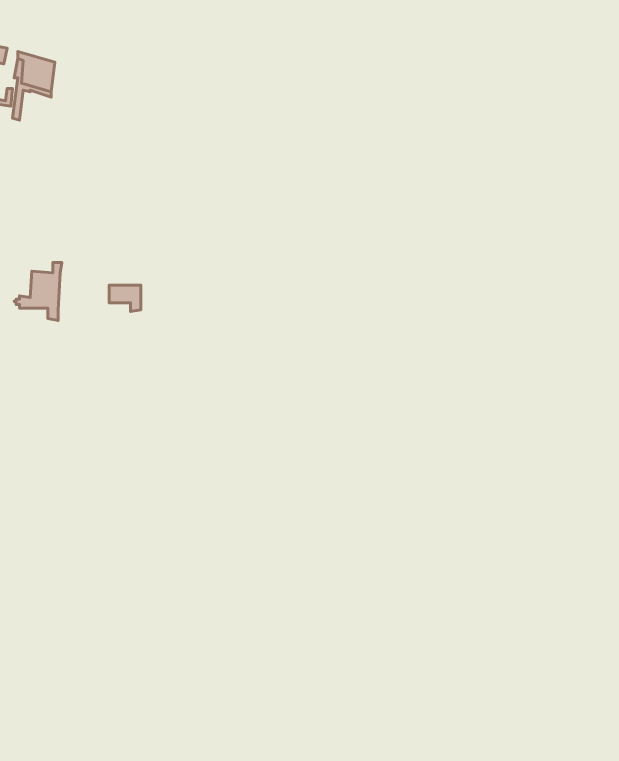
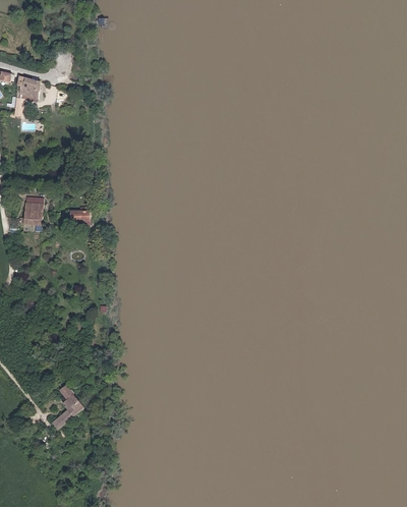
building: none -> [52,385,84,429]

